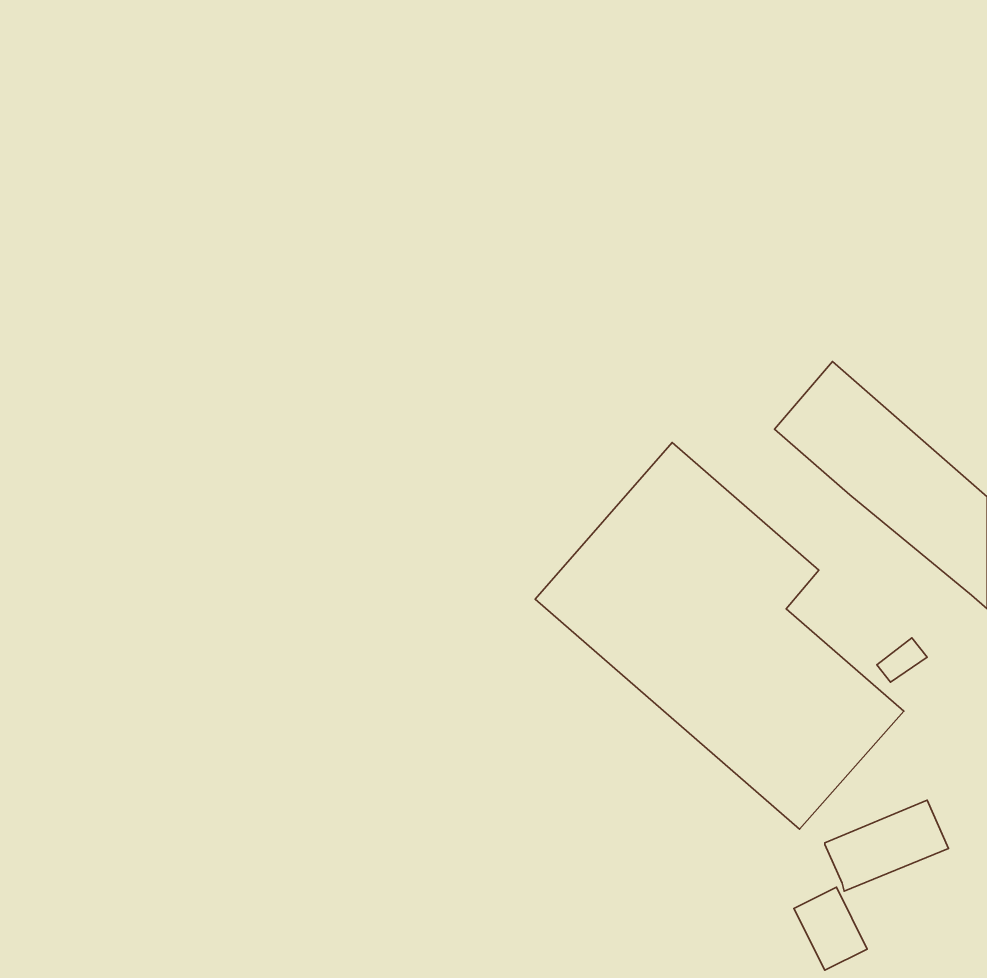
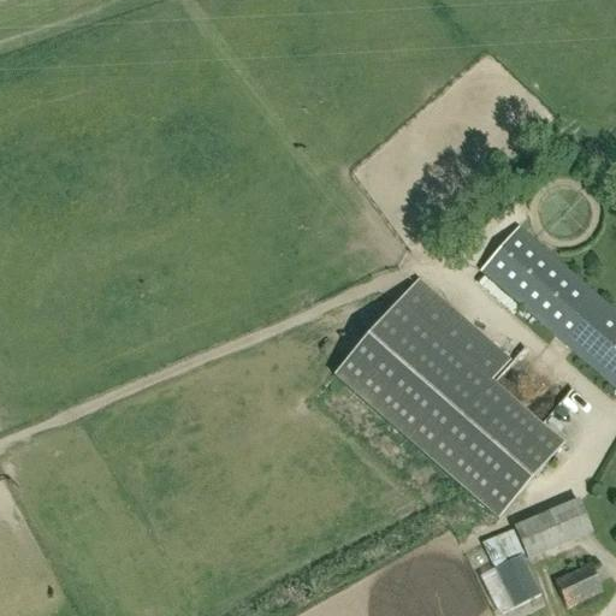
building: none -> [482,526,525,565]
building: none -> [556,561,602,603]

